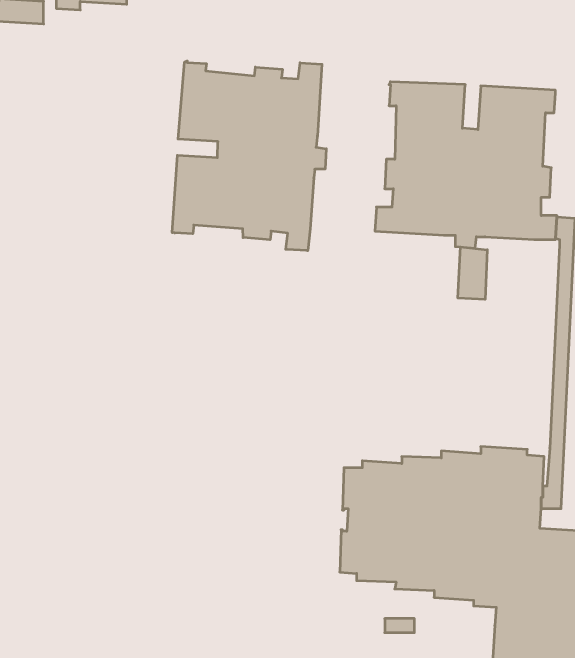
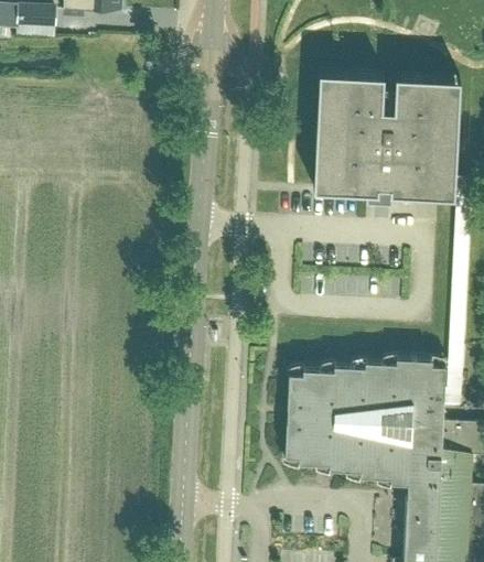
building: [172,61,326,251] -> none
building: [458,247,487,299] -> none

